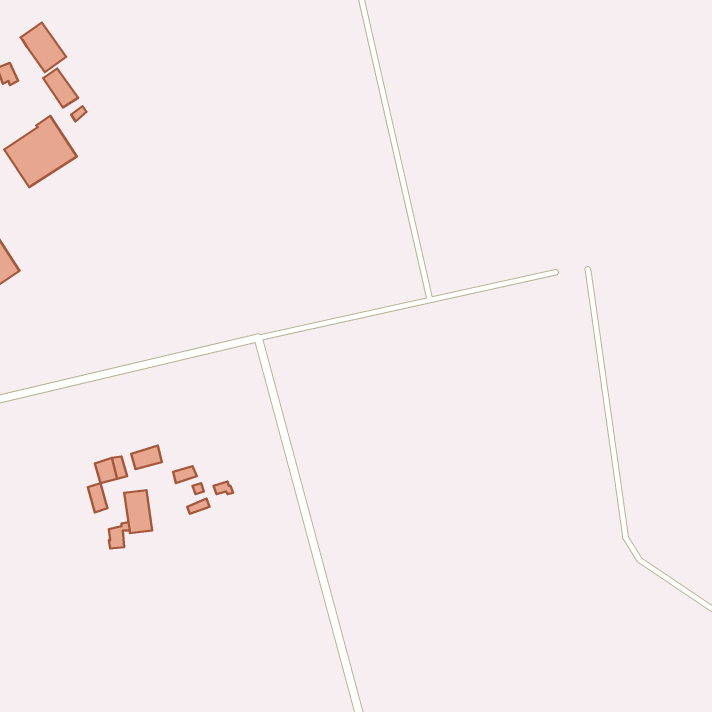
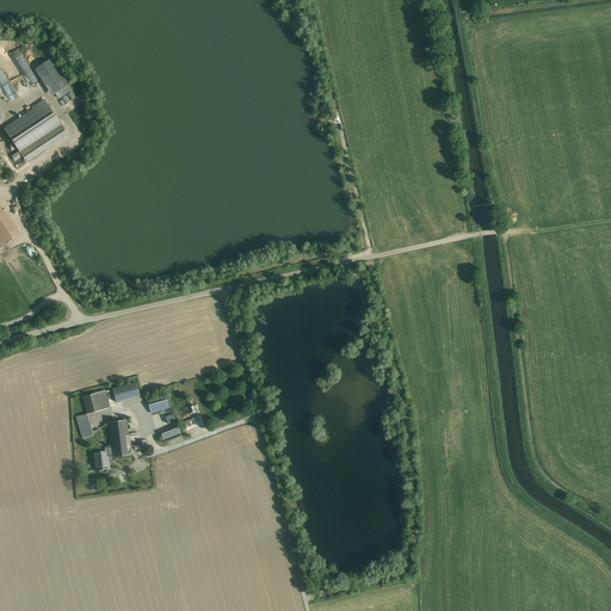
building: [21,22,66,72] -> none

